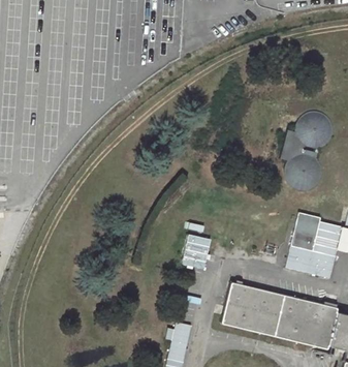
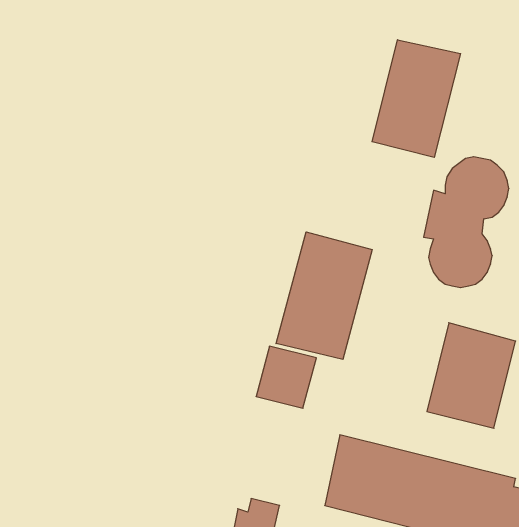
building: none -> [372,40,461,157]
building: none -> [276,232,372,359]

